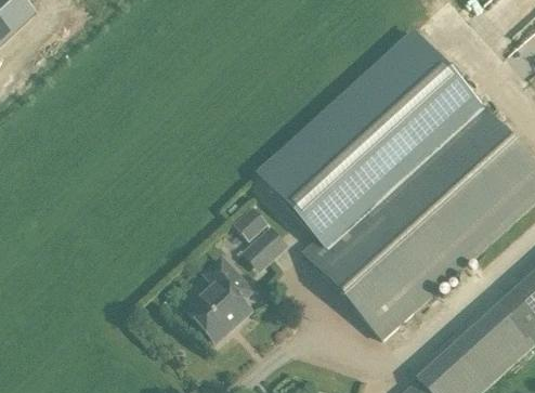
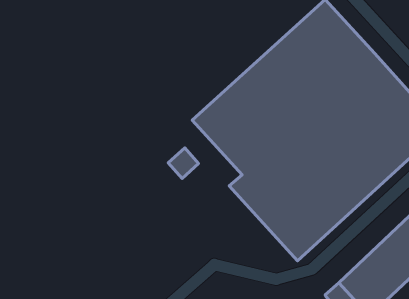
building: [239,224,288,272] -> none
building: [186,257,251,338] -> none

